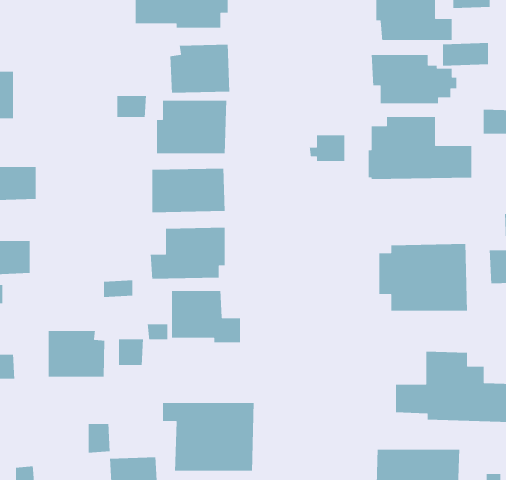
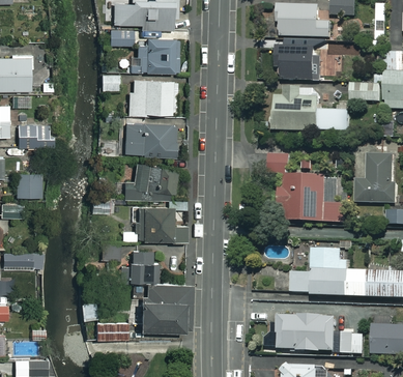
building: none -> [108,29,133,45]
building: [309,135,345,162] -> [263,153,288,172]
building: [48,330,105,378] -> none
building: none -> [128,251,157,282]

